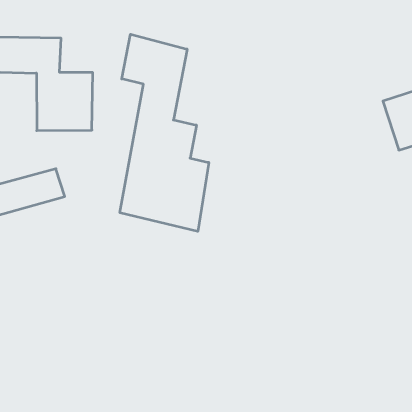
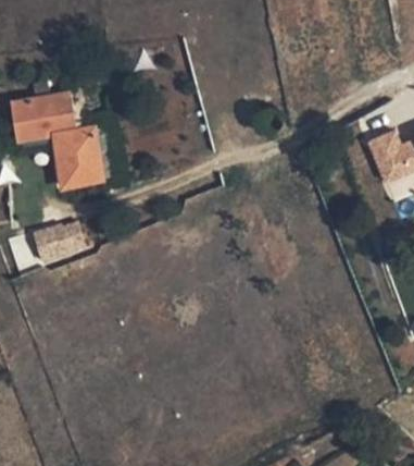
building: [120,34,209,231] -> none

